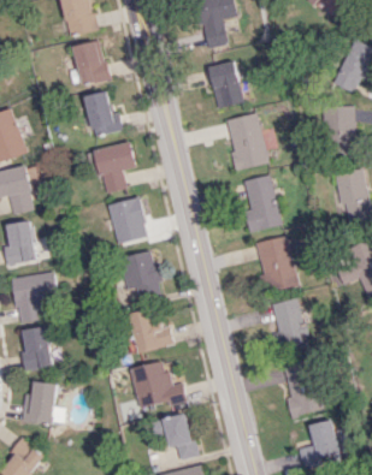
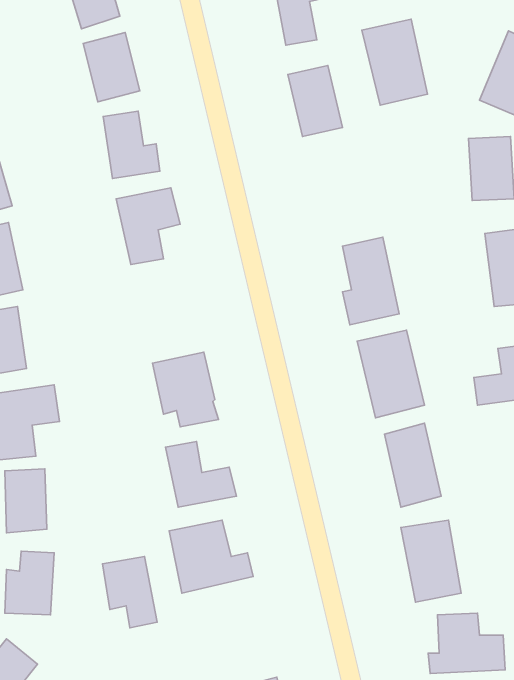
building: [225,113,268,170] -> [362,19,428,105]
building: [110,198,147,243] -> none
building: [161,414,197,461] -> [103,556,157,628]

